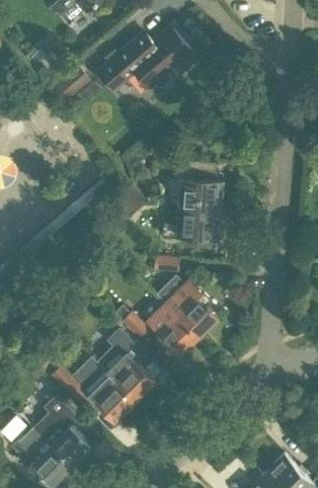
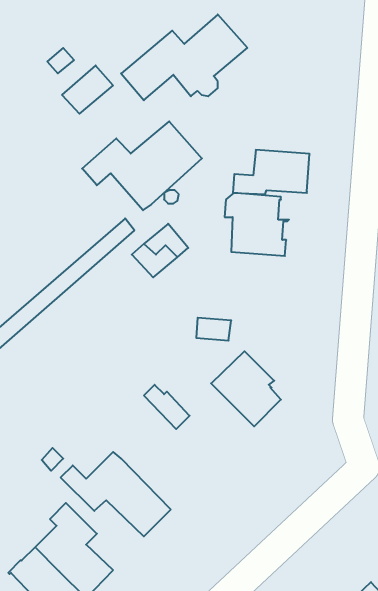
building: none -> [82,121,202,210]
building: [162,207,220,240] -> [233,150,310,194]
building: [147,306,196,357] -> none
building: [96,329,154,401] -> none

